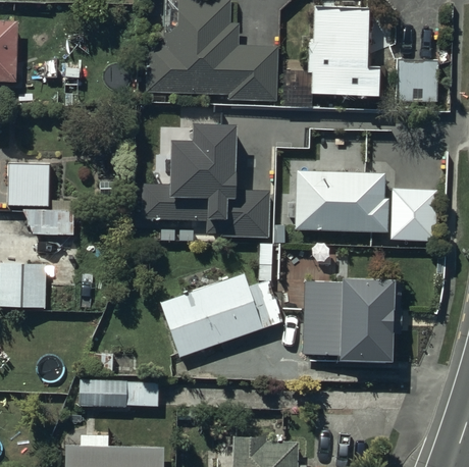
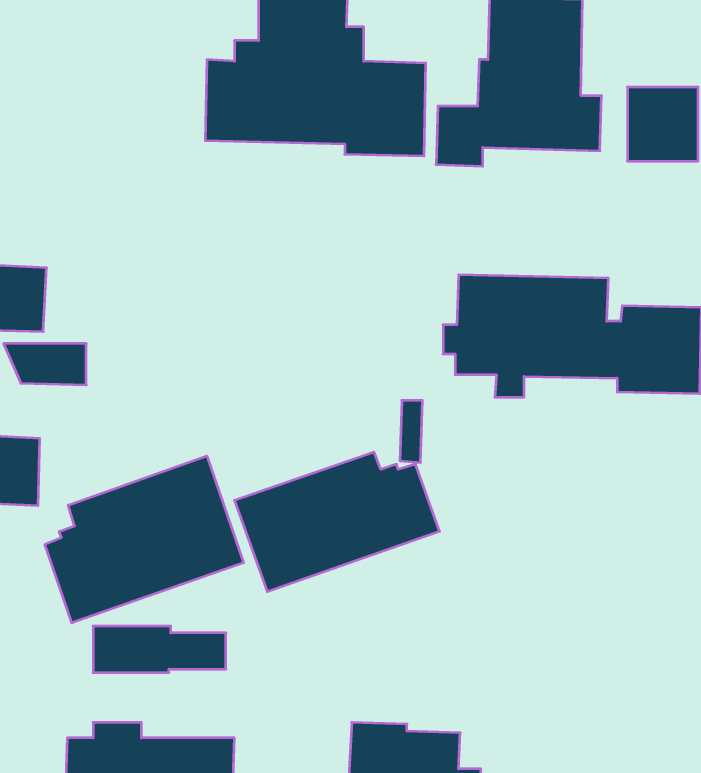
building: [139,124,268,237] -> none
building: none -> [45,456,243,623]
building: [302,279,400,363] -> none

